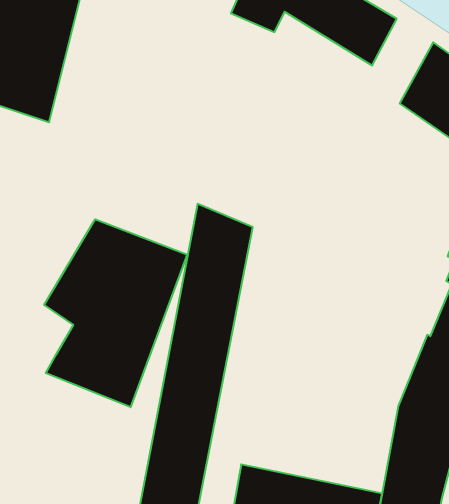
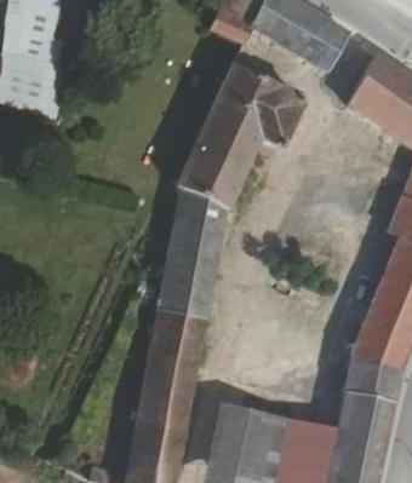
building: none -> [178,62,303,205]
building: [44,219,187,407] -> none

